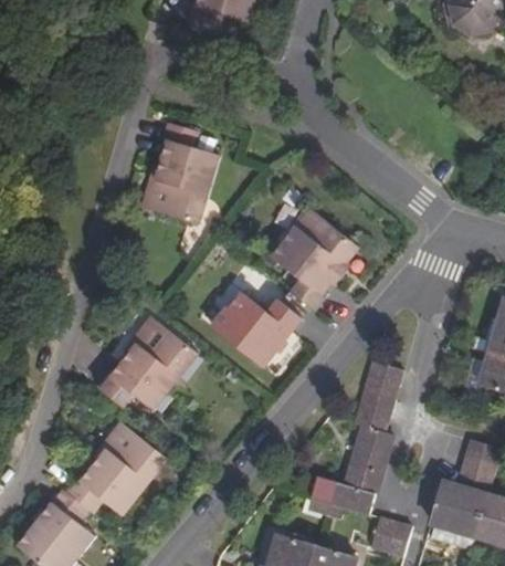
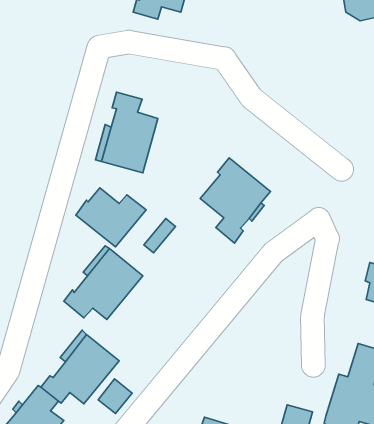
building: [214,293,303,367] -> [76,188,146,247]
building: [318,361,401,514] -> none
building: none -> [98,379,132,413]

